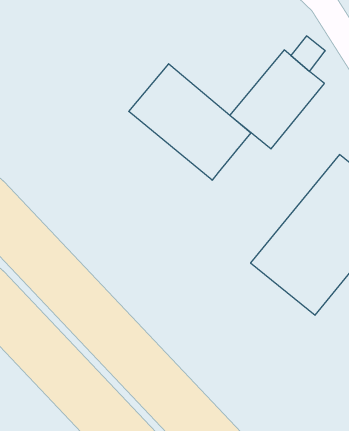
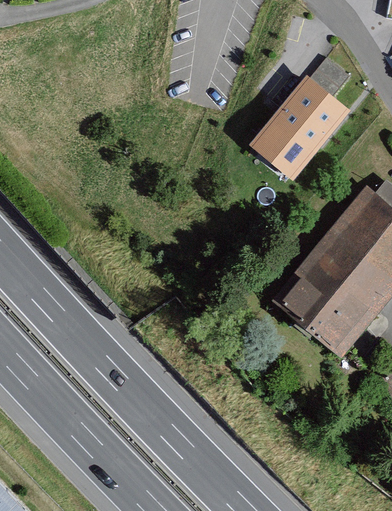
building: [129,64,251,180] -> none

